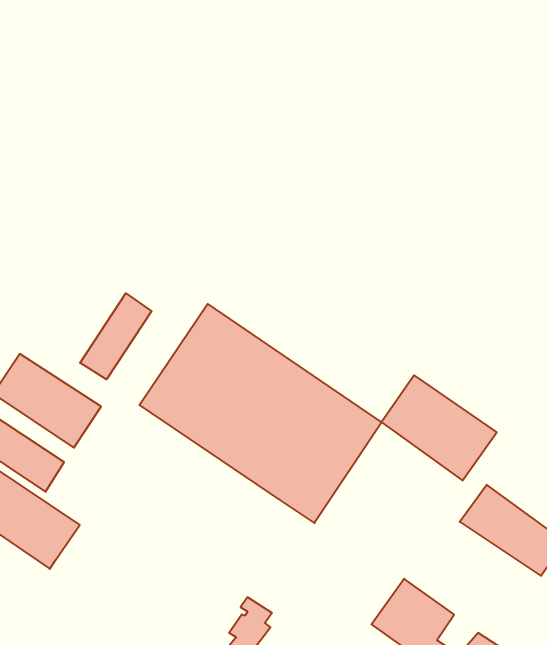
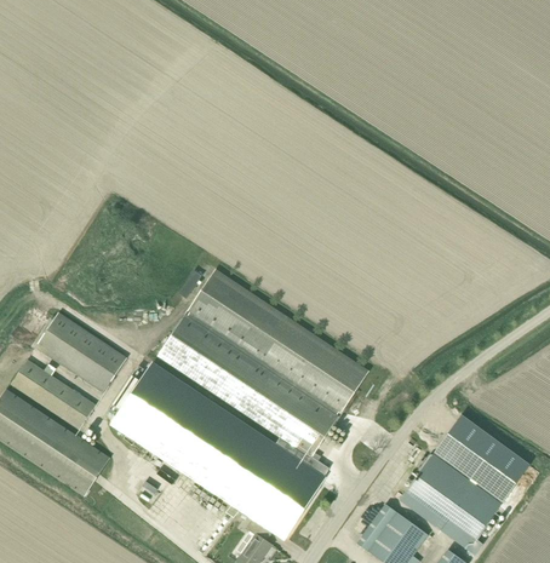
building: [80,293,152,379] -> none
building: [381,375,497,481] -> [402,455,500,545]
building: none -> [111,364,330,536]

